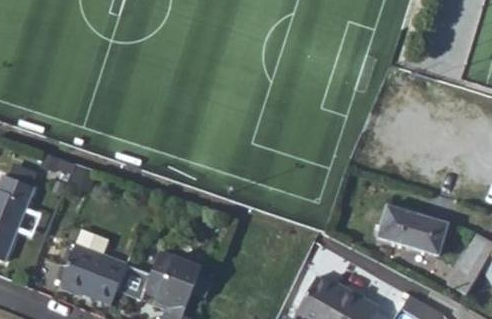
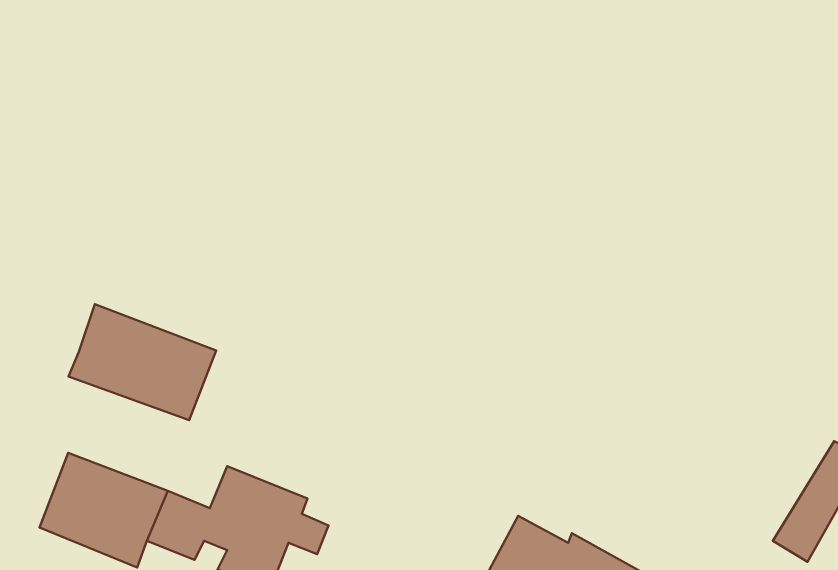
building: none -> [69,304,216,420]
building: [377,207,447,257] -> none

